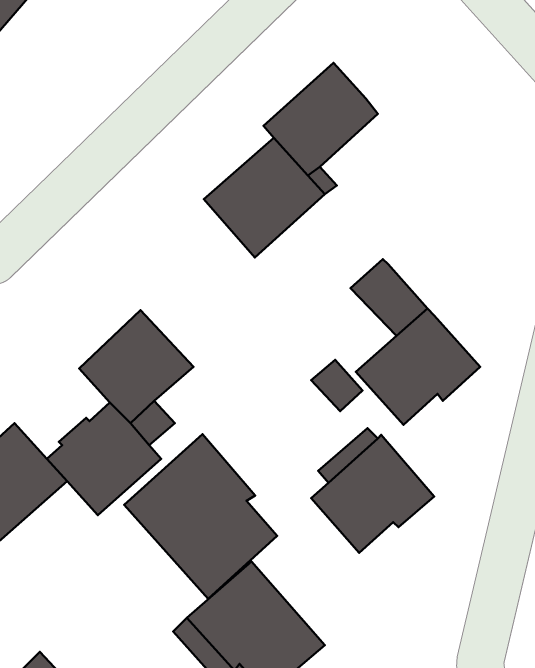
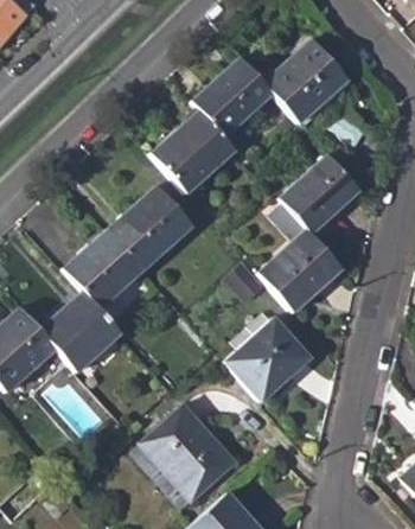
building: none -> [263,43,349,123]
building: none -> [279,155,359,234]
building: none -> [107,190,192,269]
building: [124,434,277,599] -> none

